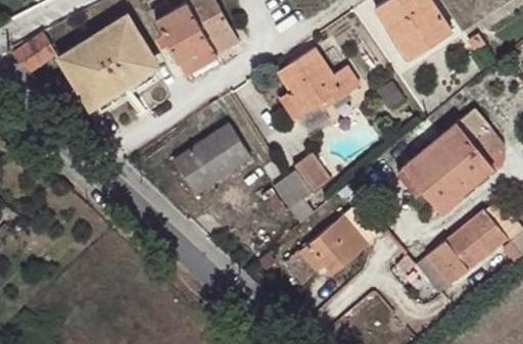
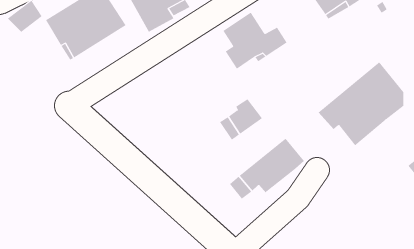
building: [173,125,250,193] -> none
building: [416,209,506,293] -> none

